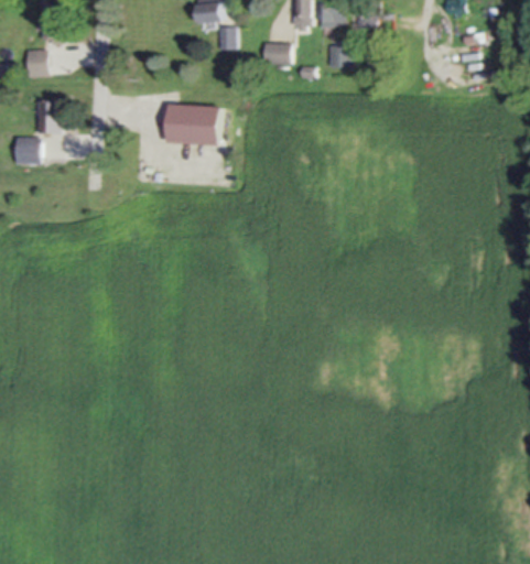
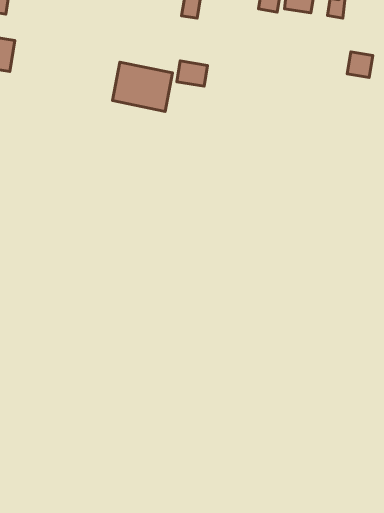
building: [262,43,290,64] -> [177,61,208,86]
building: [328,45,350,67] -> [347,52,373,77]

